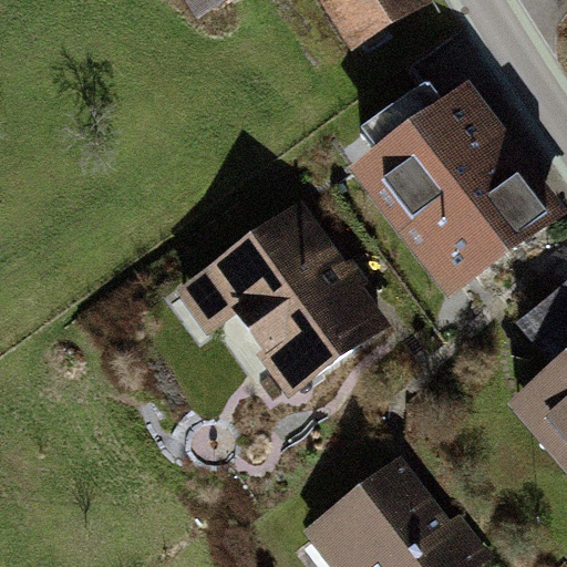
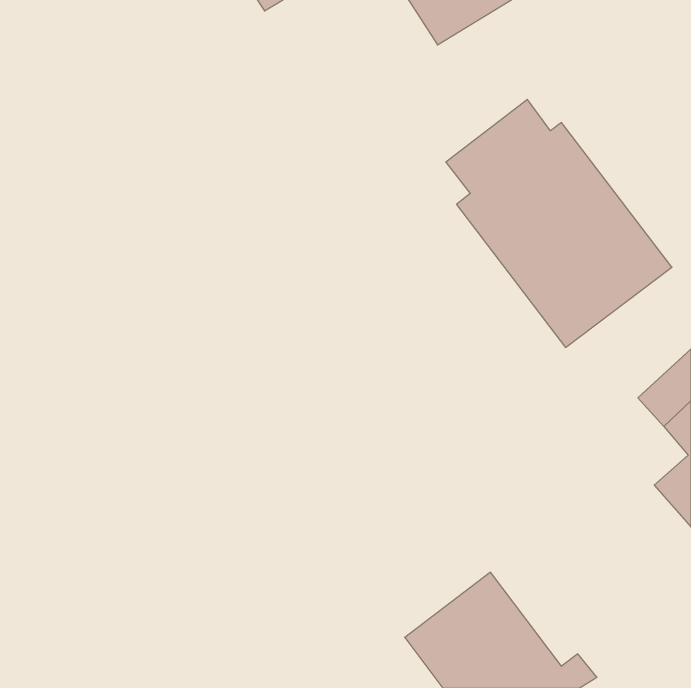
building: [208,208,379,386] -> none

